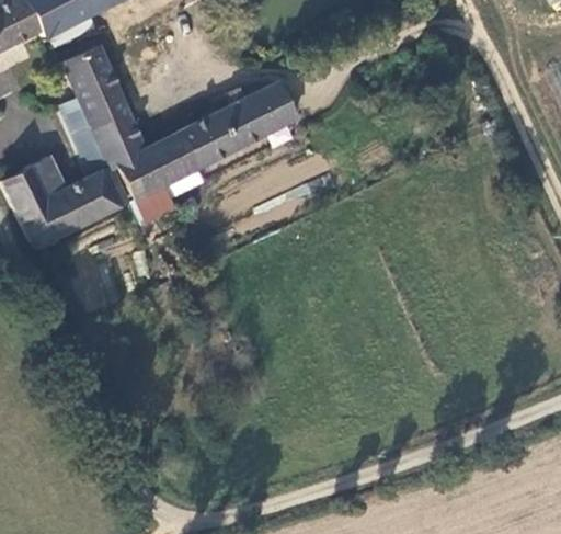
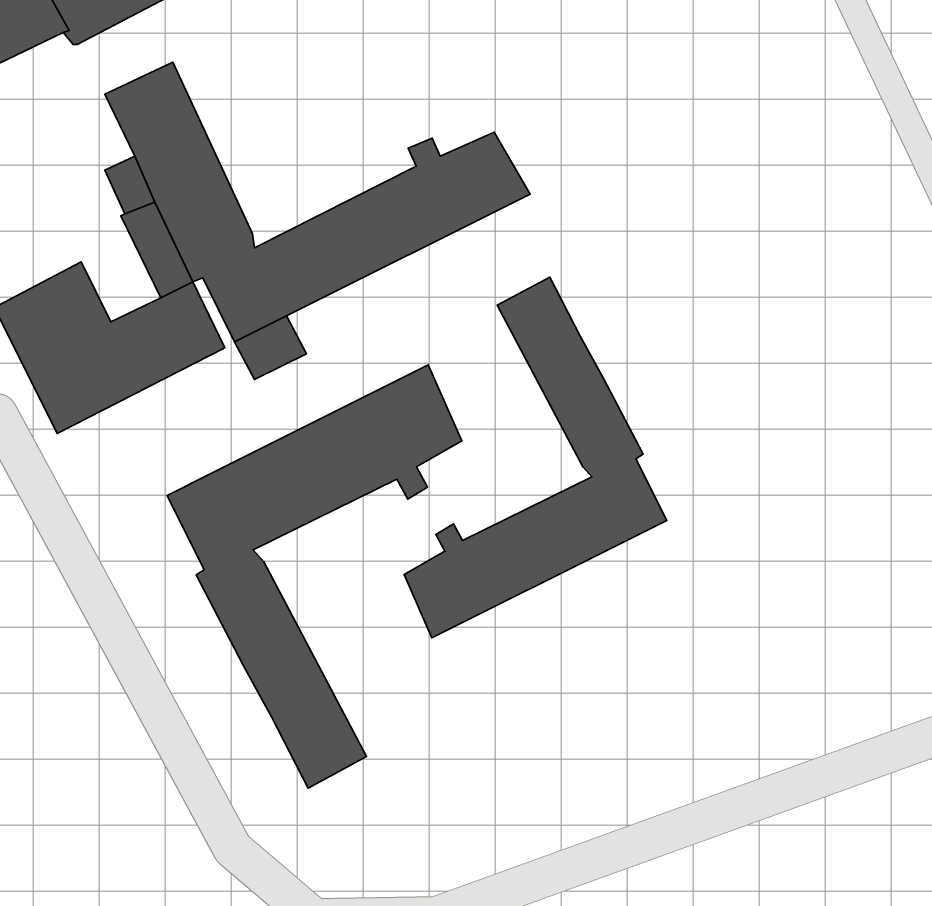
building: none -> [404,277,667,638]
building: none -> [167,365,462,788]

